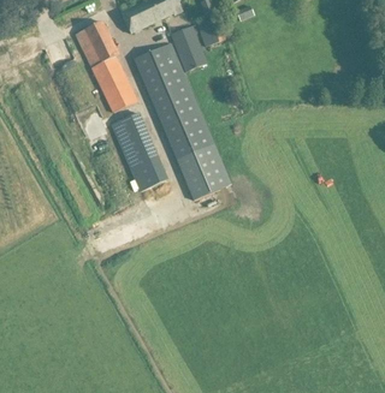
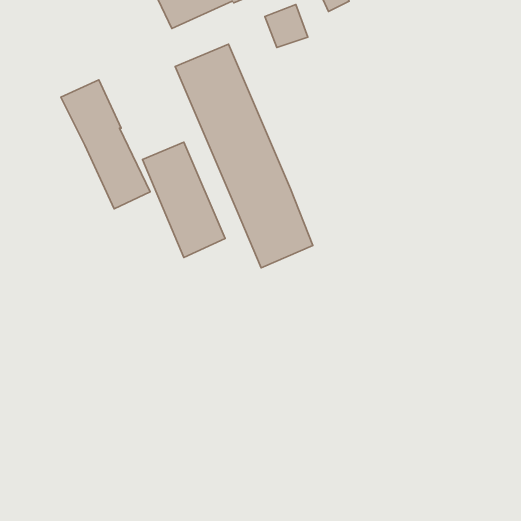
building: [75,20,137,111] -> [61,80,150,209]
building: [168,23,207,70] -> none

